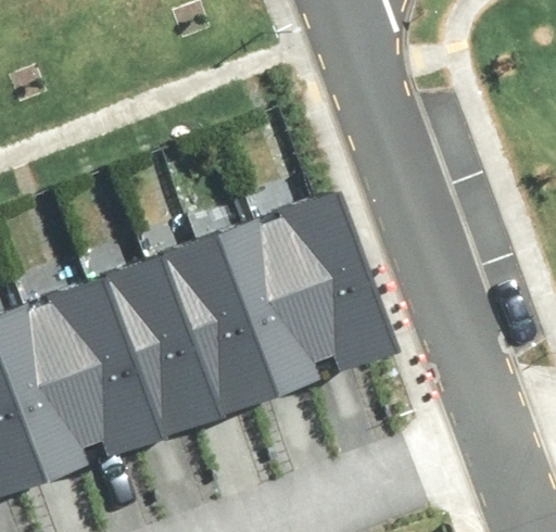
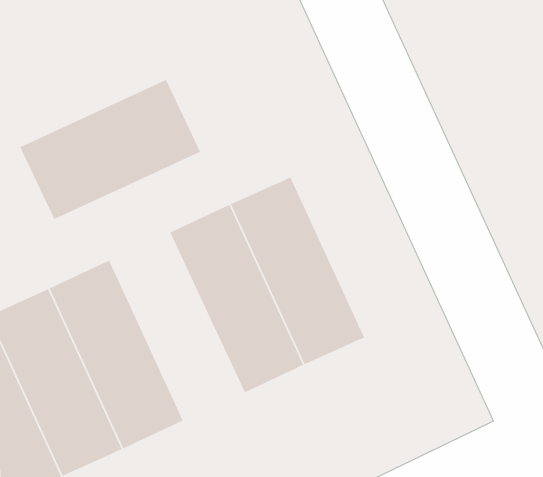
building: none -> [19,79,201,220]
building: [132,246,248,422] -> none

